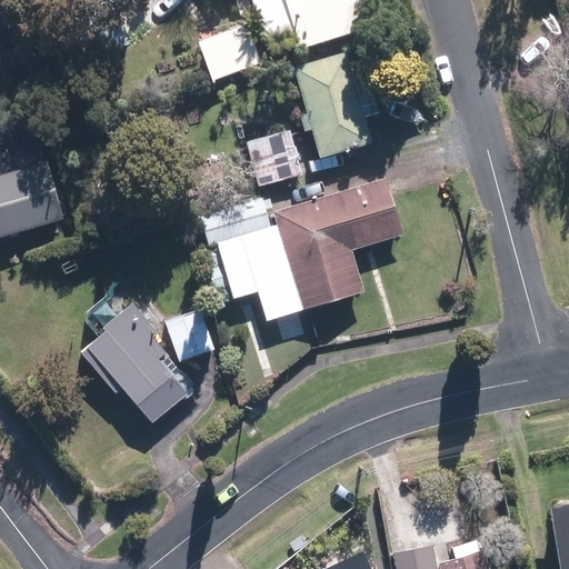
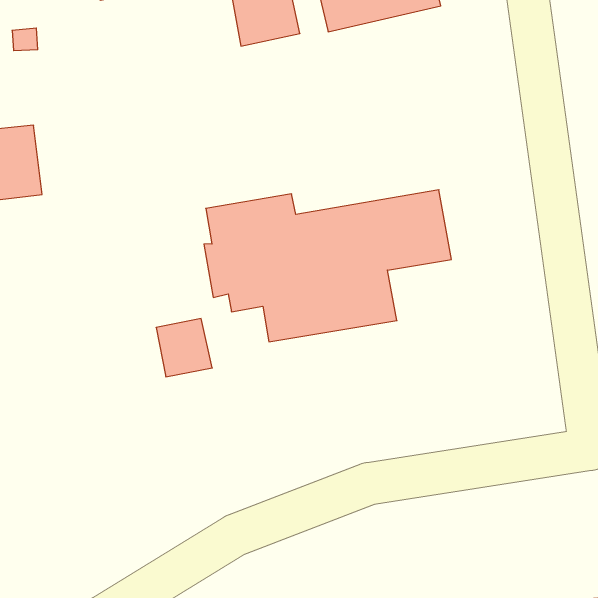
building: [295,52,381,159] -> none
building: [247,131,301,188] -> none
building: [84,305,196,422] -> none

